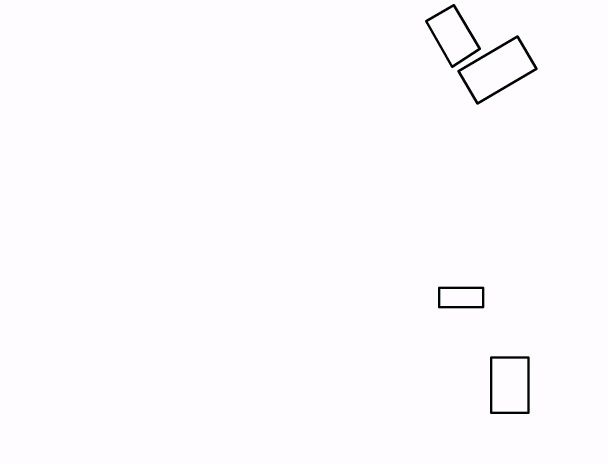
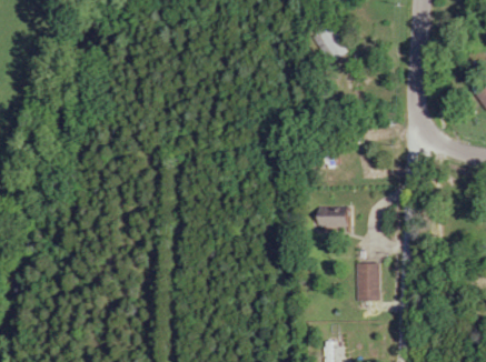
building: [459,37,536,103] -> none

